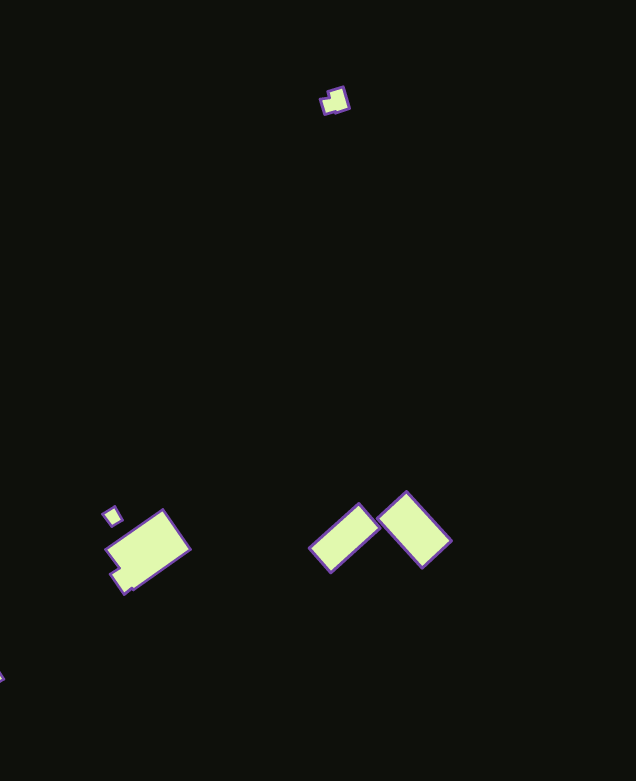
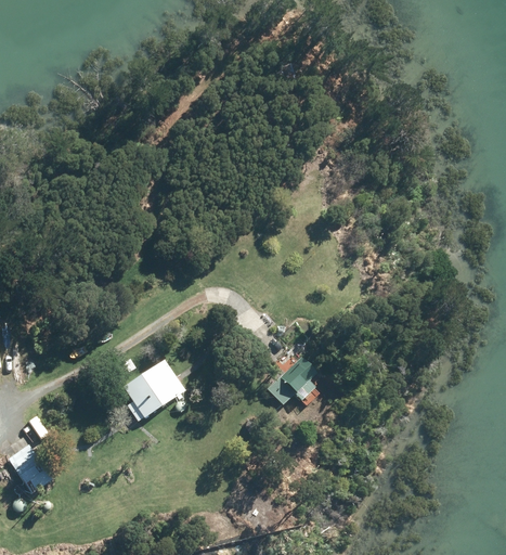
building: [377,491,451,568] -> none

